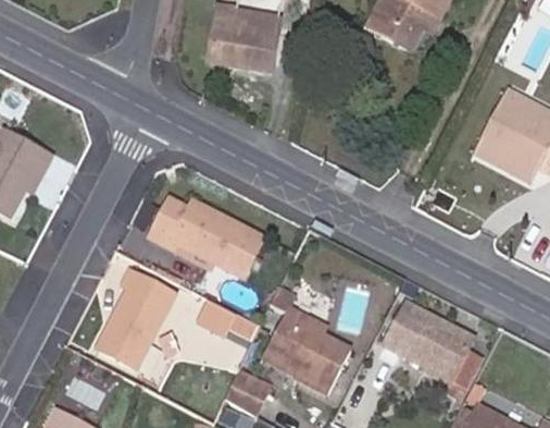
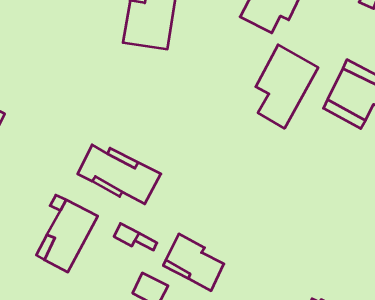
building: none -> [256,45,318,128]
building: [384,302,484,398] -> none

